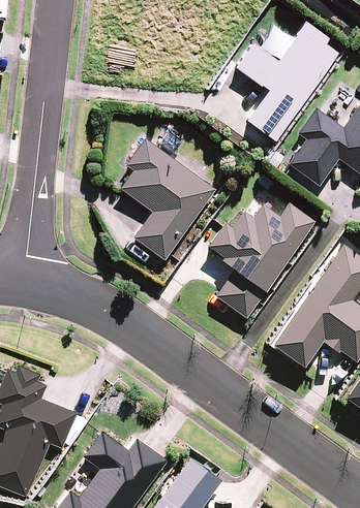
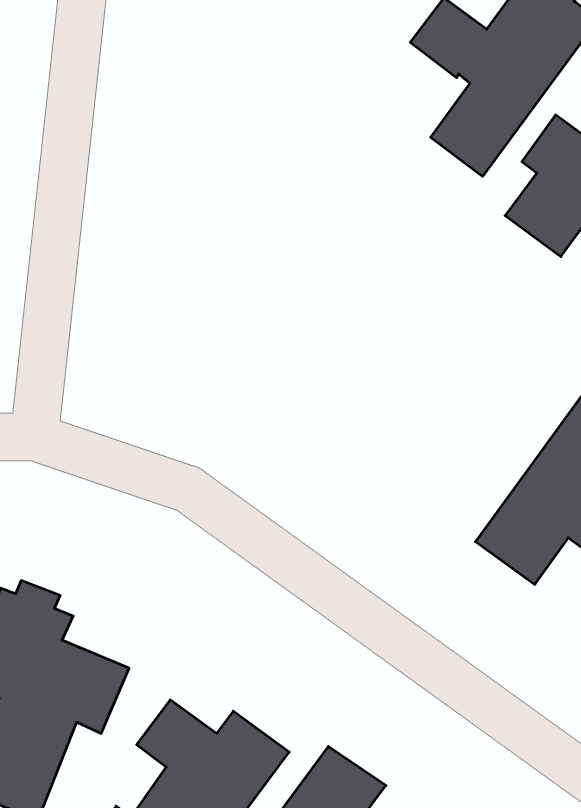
building: [120,139,215,259] -> none
building: [208,203,316,318] -> none

